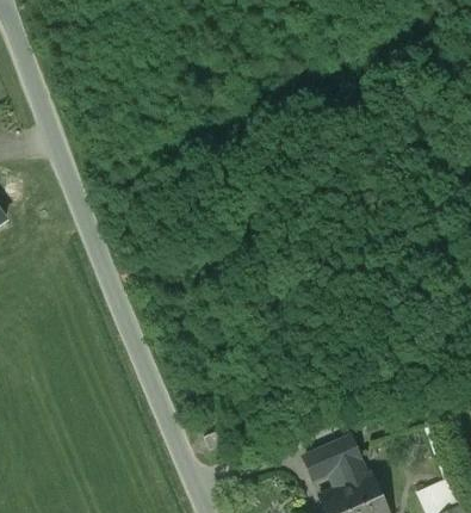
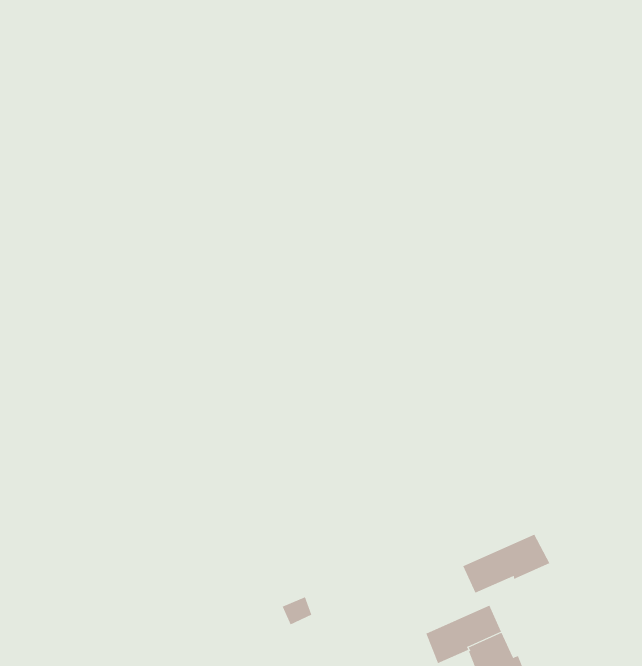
building: none -> [463,534,550,594]

